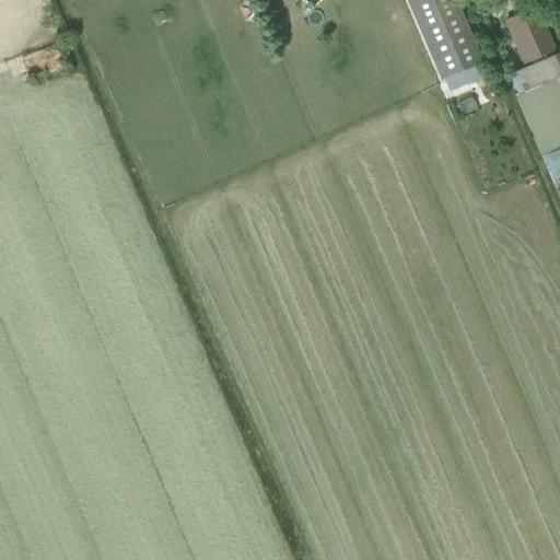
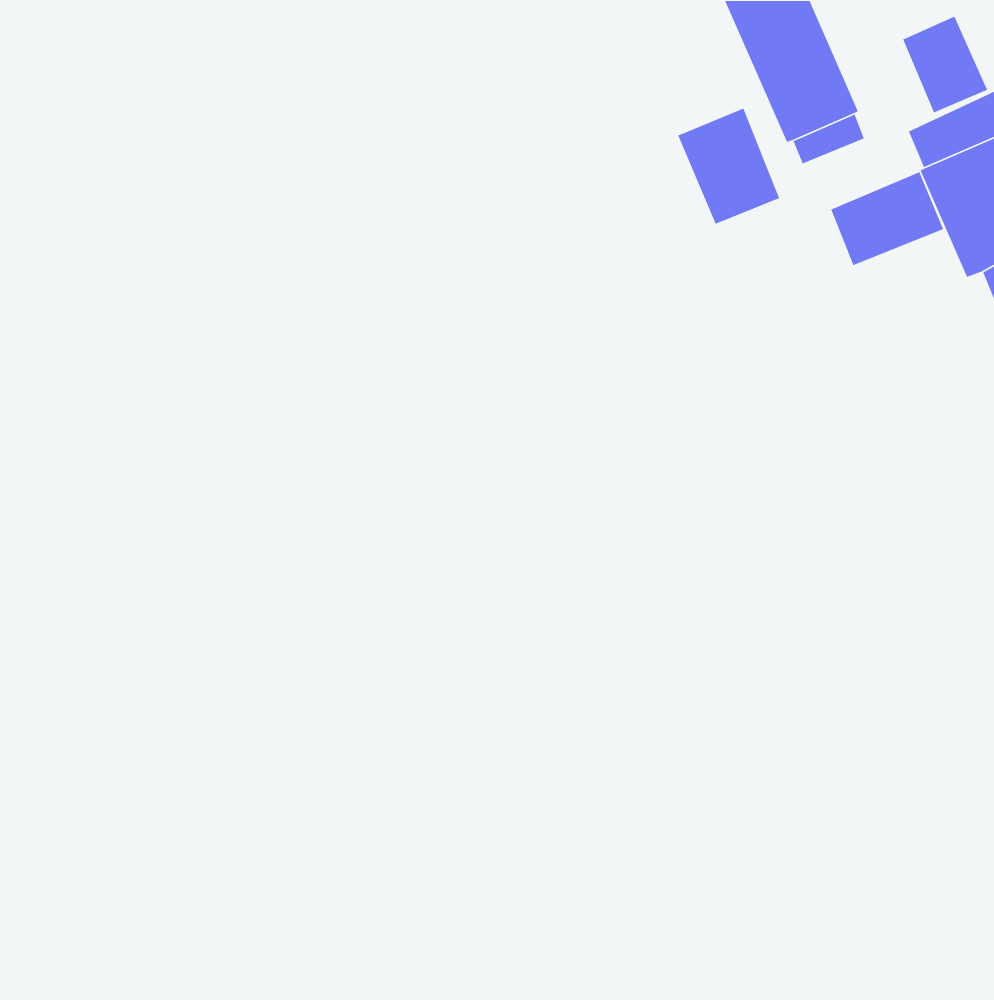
building: none -> [677,107,780,225]
building: none -> [830,171,944,266]

